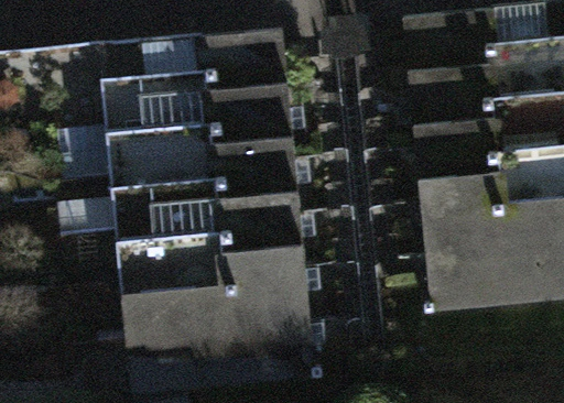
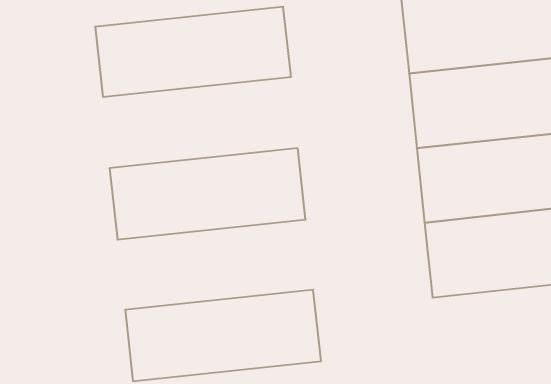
building: [106,95,299,185] -> none
building: [120,236,314,325] -> none

